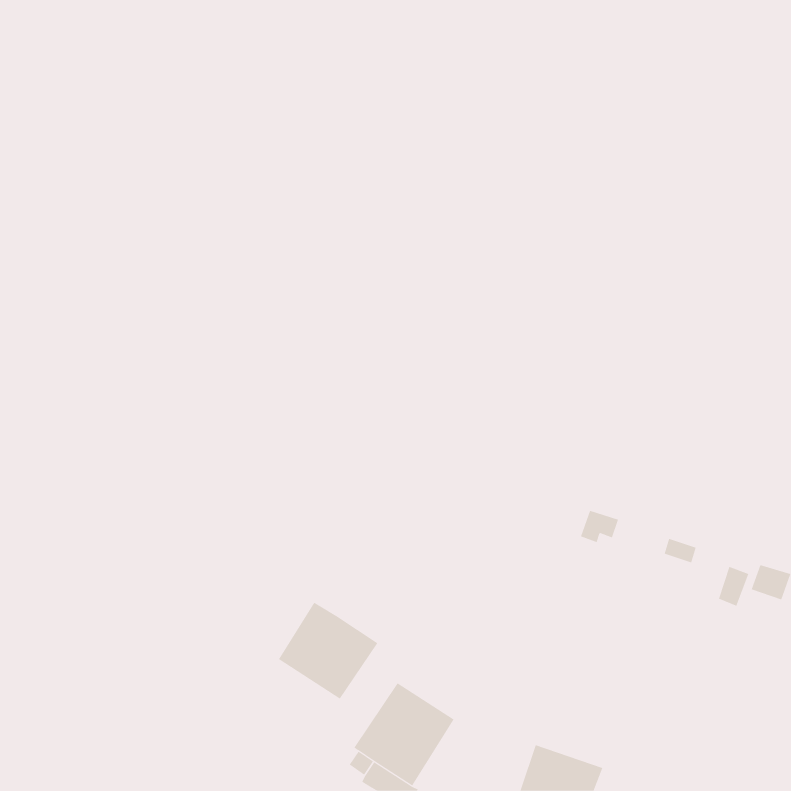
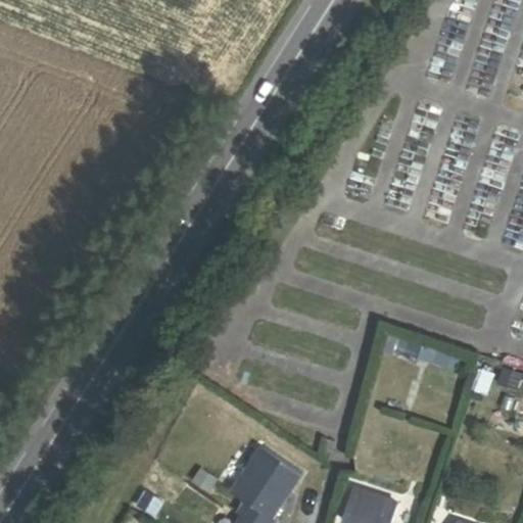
building: [278,602,378,700] -> none

